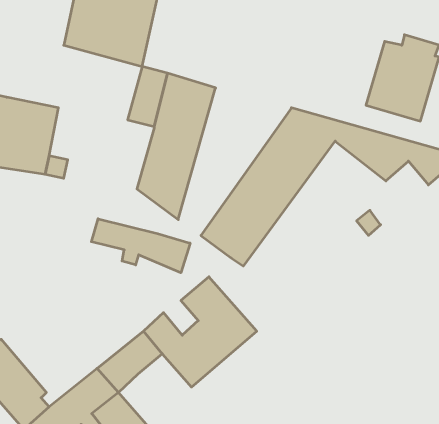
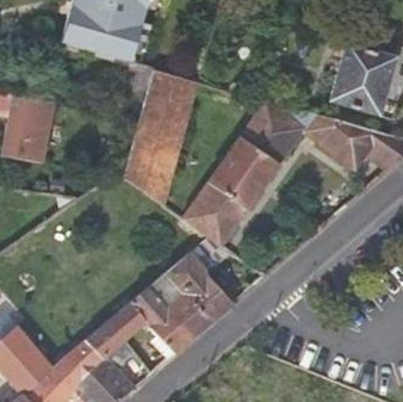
building: [91,219,190,273] -> none

